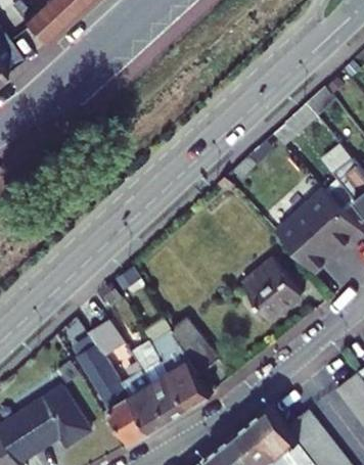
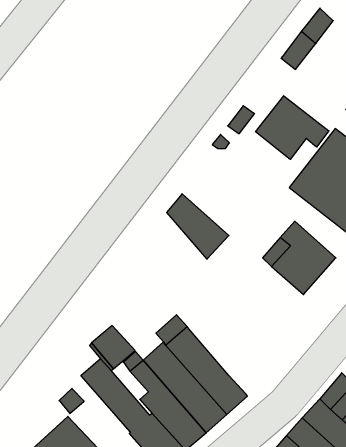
building: none -> [256,96,329,159]
building: [173,320,221,377] -> [167,194,229,259]

